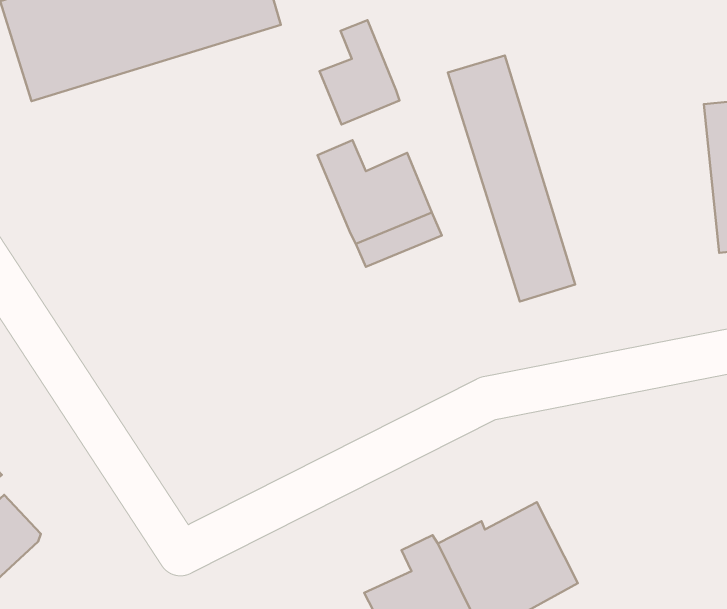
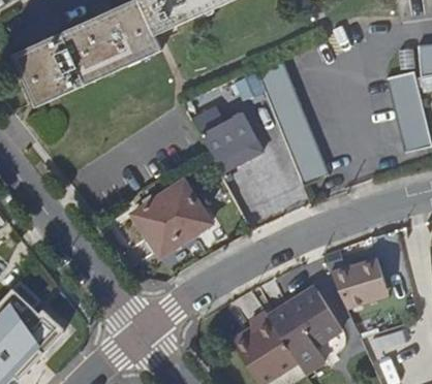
building: [319,20,400,125] -> none
building: none -> [131,179,210,254]
building: none -> [331,249,388,307]

